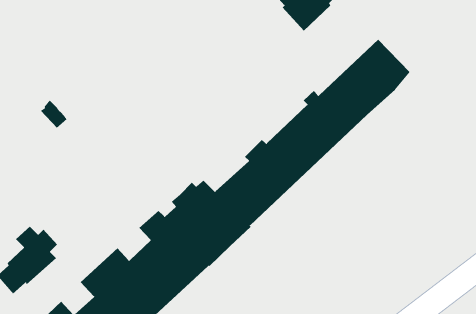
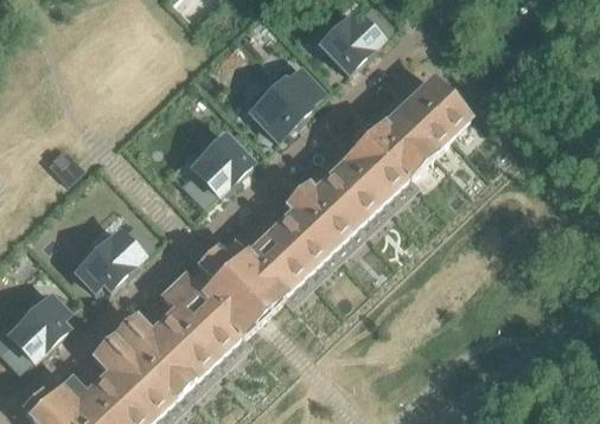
building: none -> [247,58,321,139]
building: none -> [181,129,251,205]
building: none -> [75,221,154,289]

